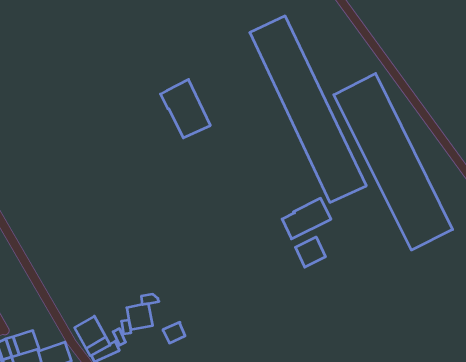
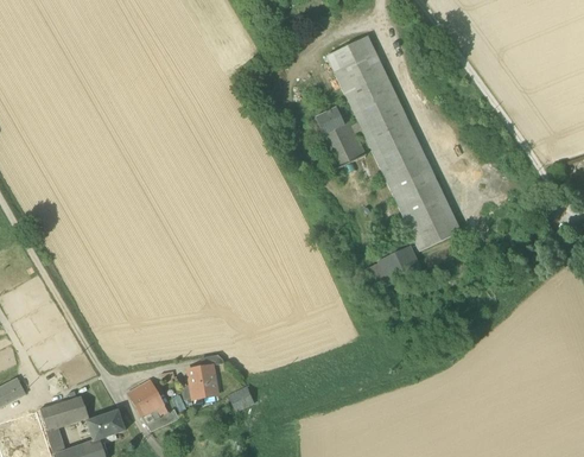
building: [334,73,453,250] -> none
building: [160,79,210,138] -> [309,104,366,171]
building: [295,237,325,267] -> none

